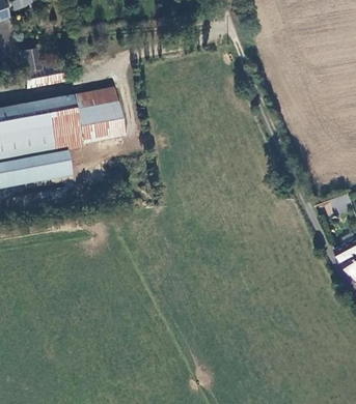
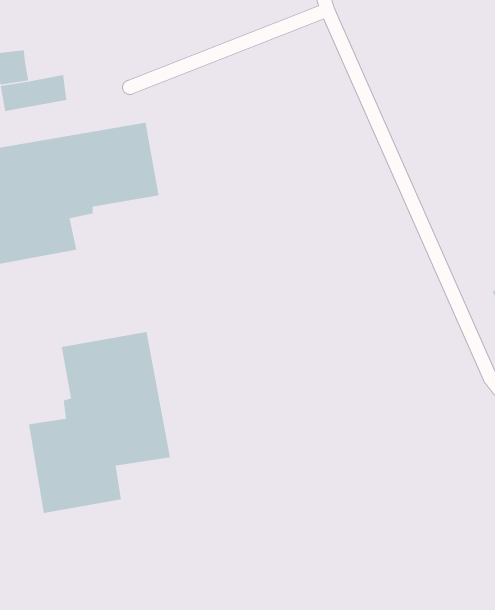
building: none -> [28,331,171,514]

